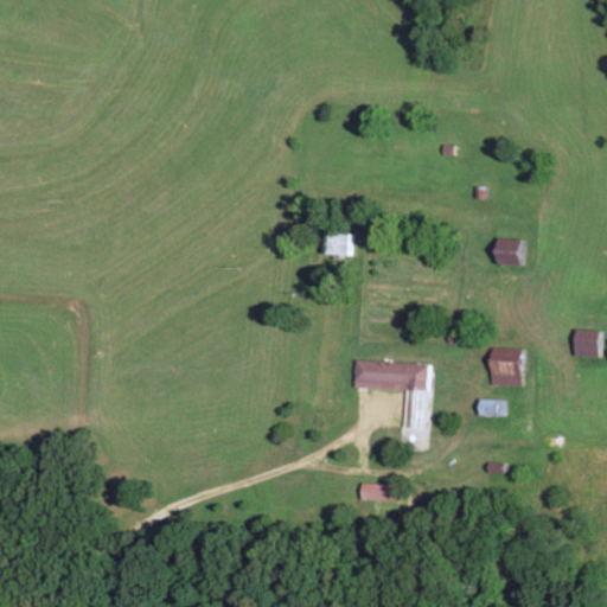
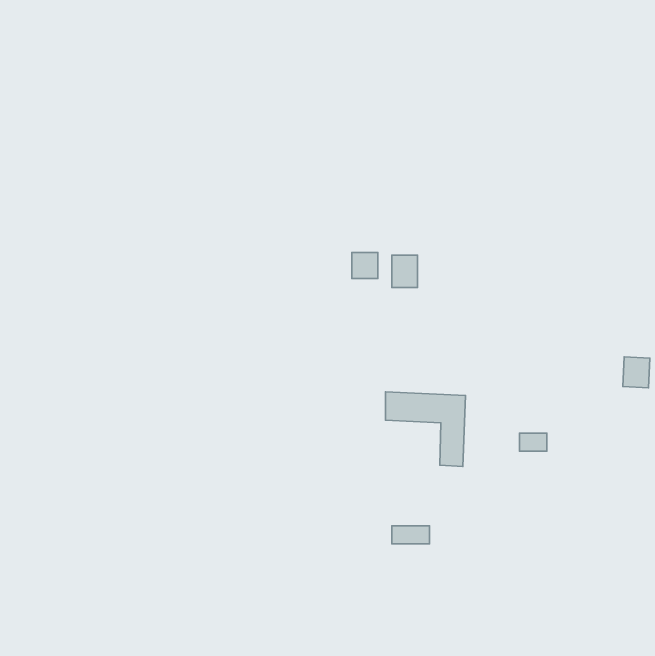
building: none -> [392,255,417,287]
building: [497,238,522,264] -> none
building: [490,349,520,384] -> none

